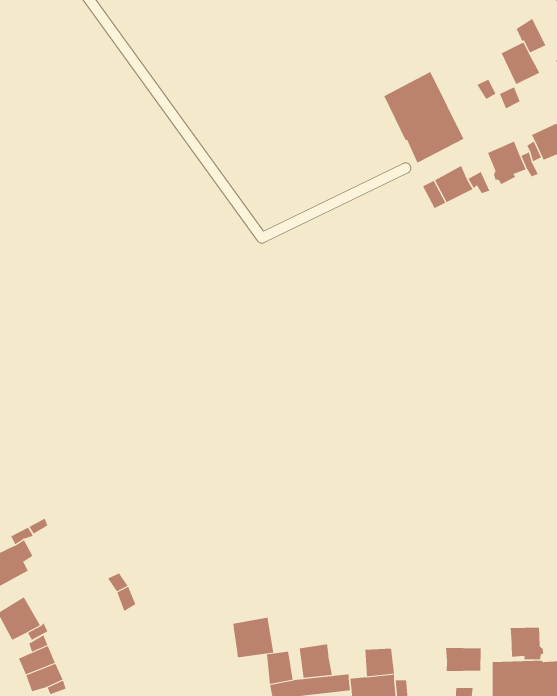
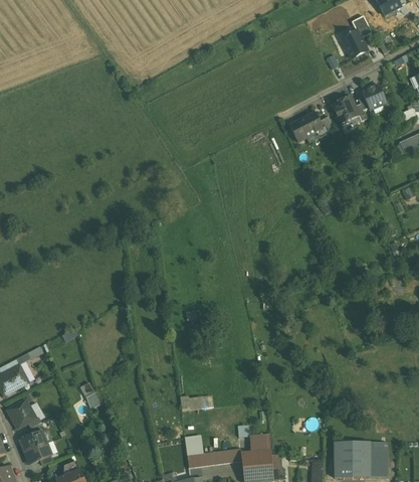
building: [383,71,465,164] -> none
building: [233,617,274,658] -> none
building: [510,627,544,660] -> none
building: [299,643,333,679] -> none
building: [446,647,481,672] -> none

